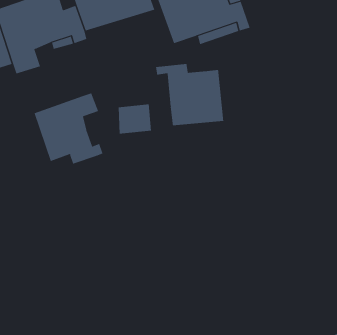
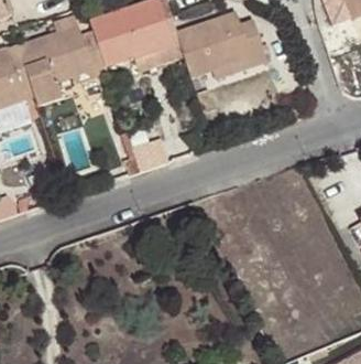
building: [156,63,224,126] -> none
building: [34,92,103,165] -> none

